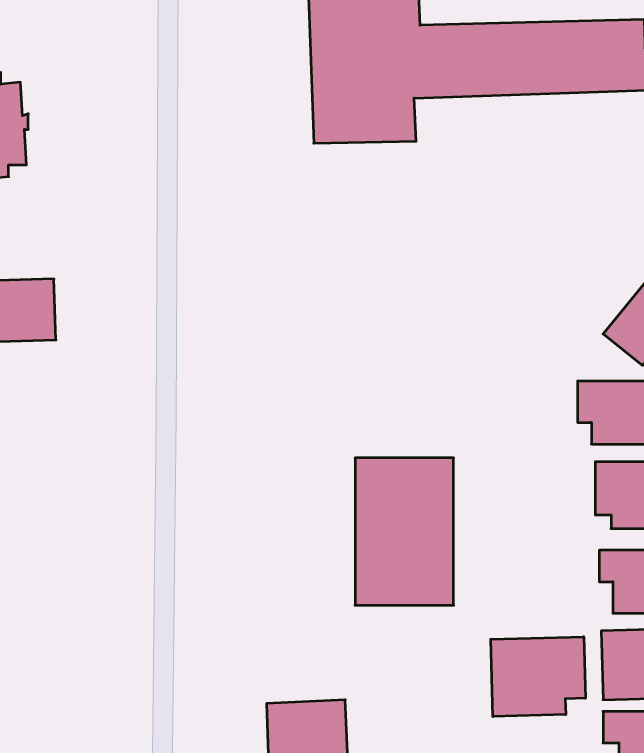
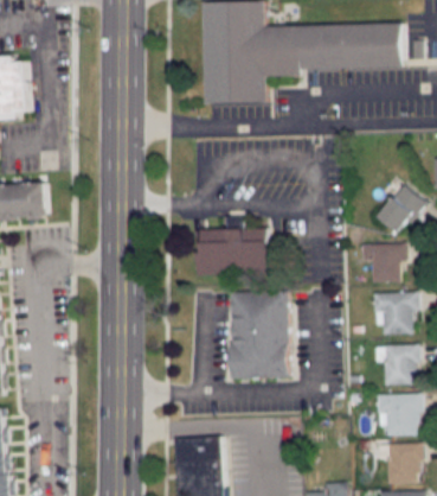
building: none -> [197,216,272,275]
building: [491,637,585,717] -> none

